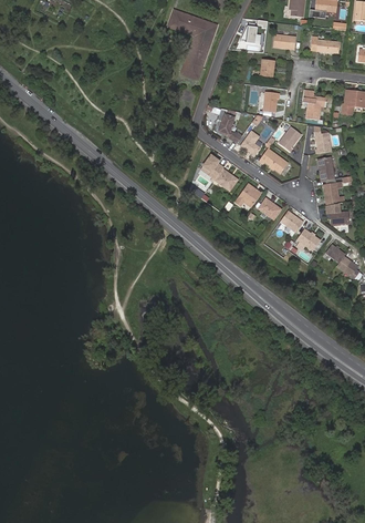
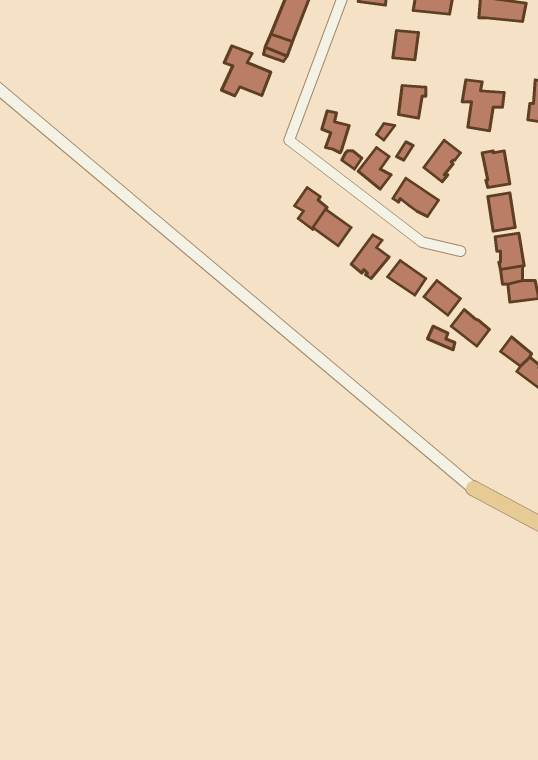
building: none -> [222,46,271,96]

